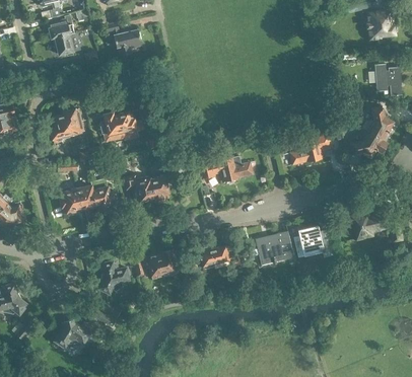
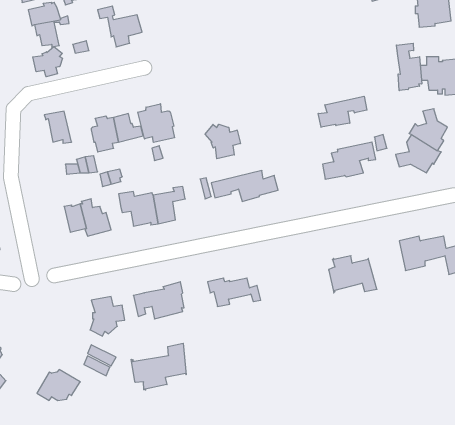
building: none -> [396,43,422,91]
building: none -> [33,47,62,77]
building: none -> [318,96,367,127]
building: none -> [138,104,174,142]
building: [51,116,70,144] -> none
building: none -> [205,124,240,159]
building: [60,187,82,216] -> none
building: [256,231,293,266] -> none
building: none -> [131,343,186,390]

